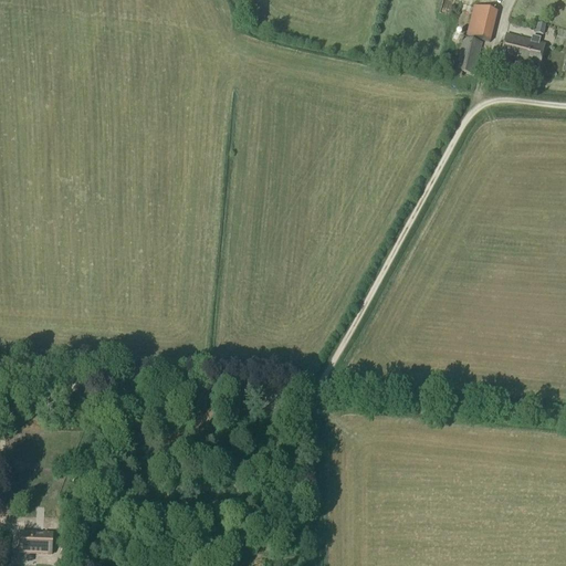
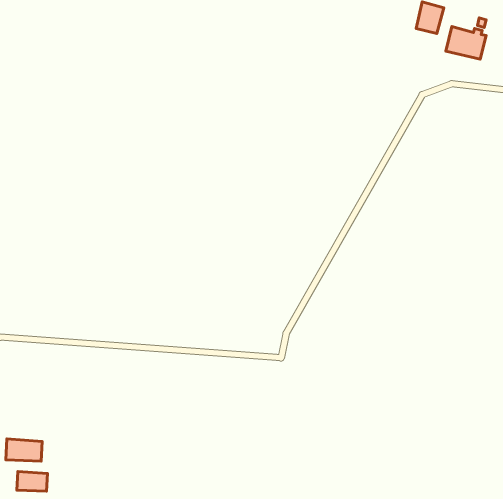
building: [457,35,482,72] -> none
building: none -> [6,439,42,461]

